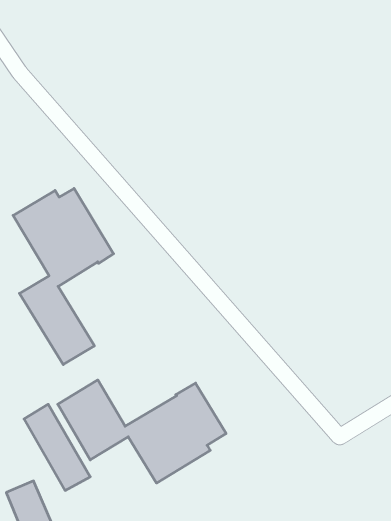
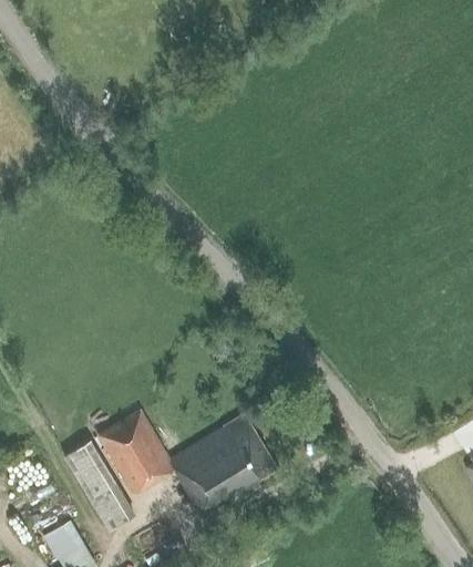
building: [13,188,114,365] -> none

